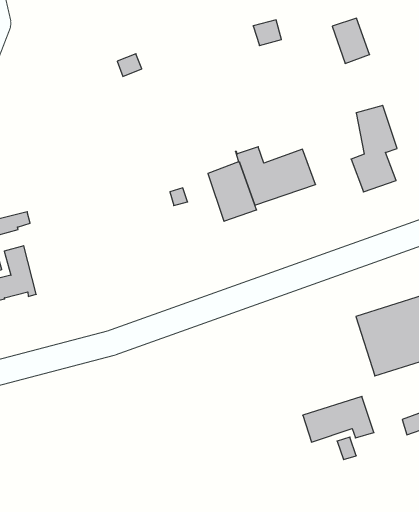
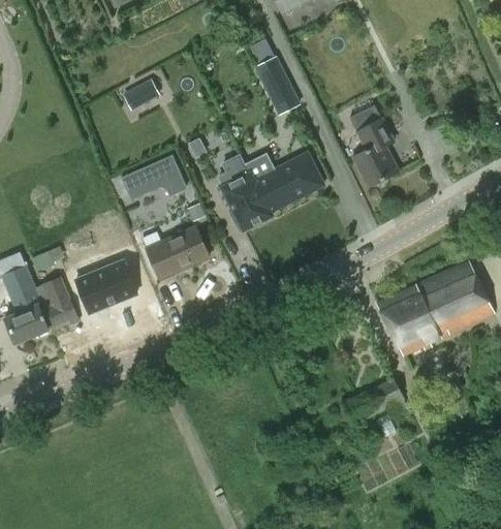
building: [332,18,370,63] -> [255,57,293,100]
building: none -> [120,155,185,198]
building: none -> [142,225,209,279]
building: none -> [83,259,144,311]

